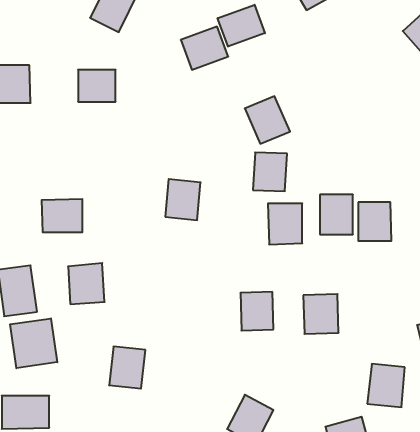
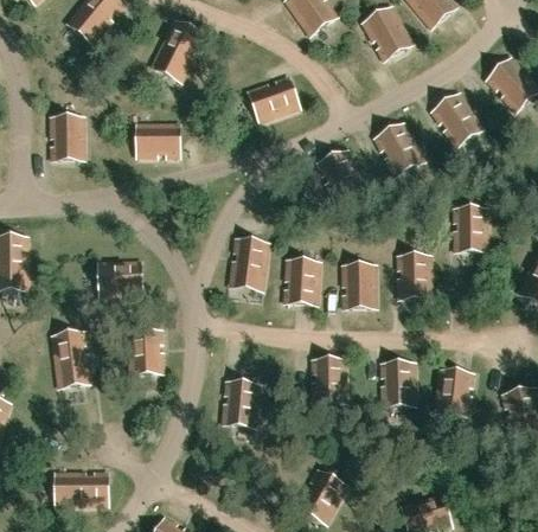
building: [218,5,265,47] -> none
building: none -> [431,92,482,146]
building: none -> [374,122,423,174]
building: [253,152,287,191] -> [284,259,321,301]
building: [358,202,391,241] -> [454,207,489,249]
building: [10,318,57,368] -> none
building: [109,347,145,389] -> [222,380,261,425]
building: [367,364,405,407] -> [434,368,474,415]

